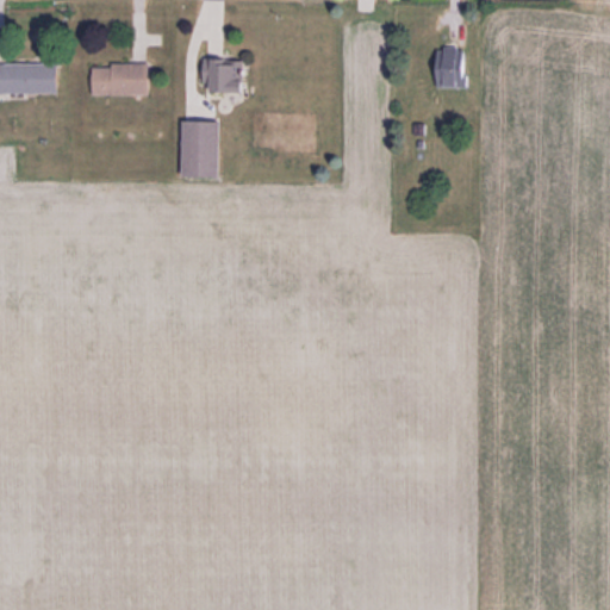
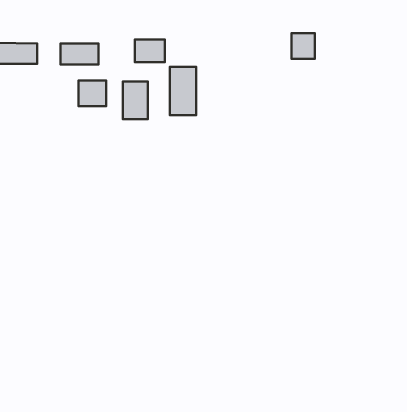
building: none -> [170,67,196,115]
building: none -> [79,81,106,106]

